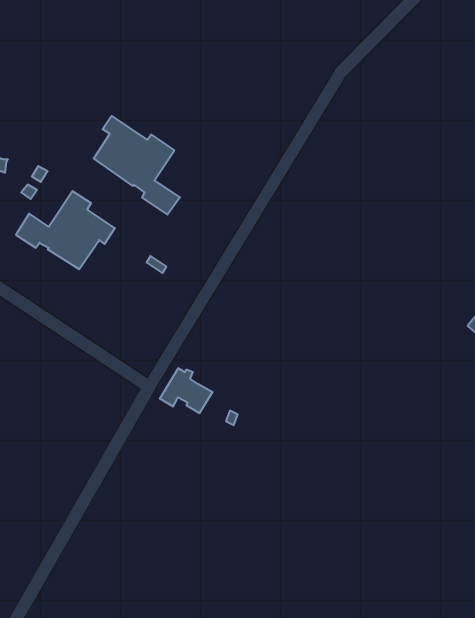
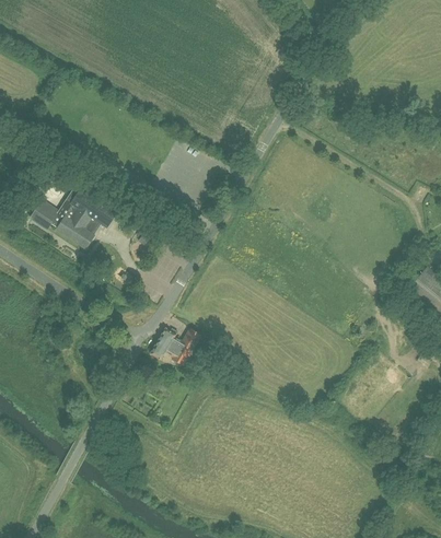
building: [94,116,180,215] -> none

